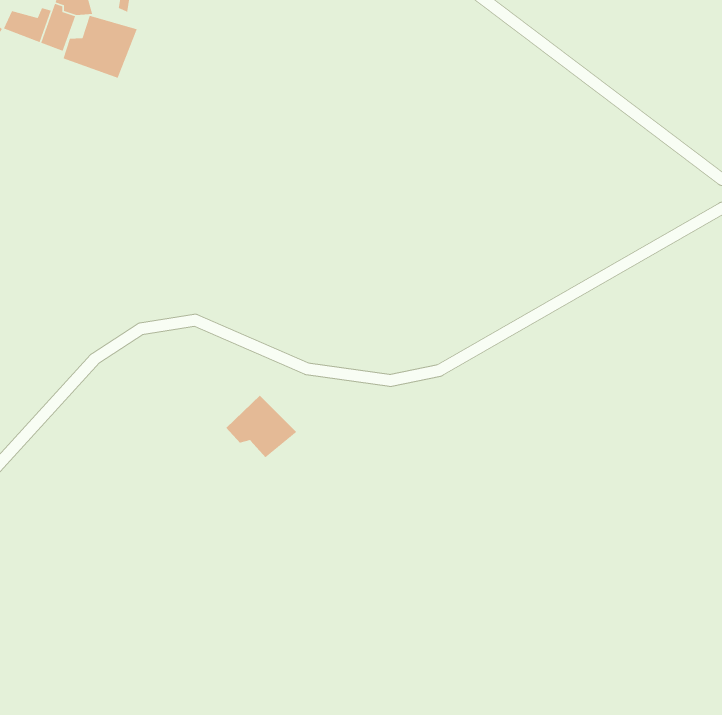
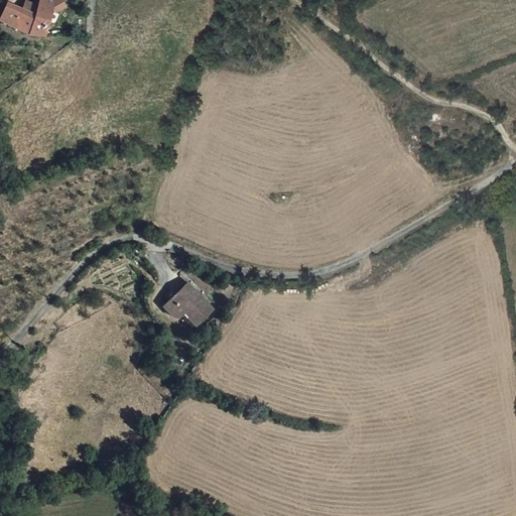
building: [63,15,138,79] -> none

